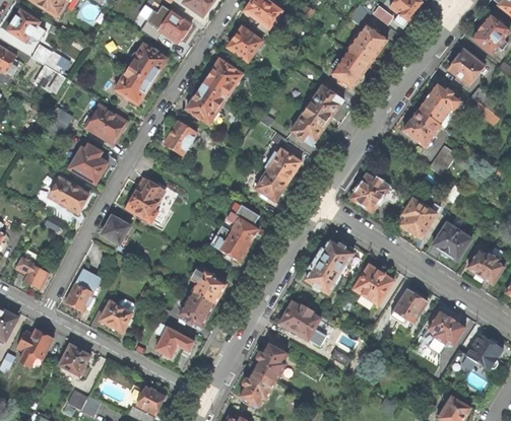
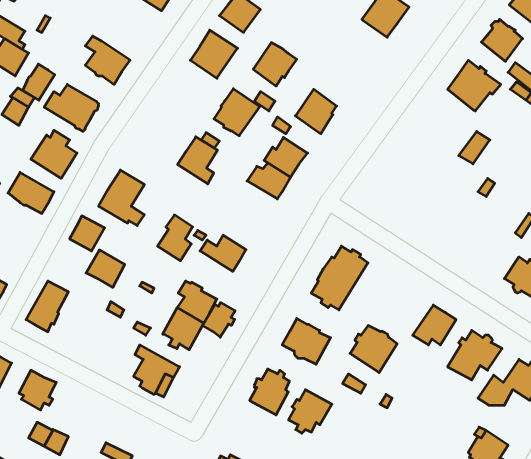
building: [128,44,168,83] -> none
building: [331,50,369,87] -> none
building: [187,83,226,123] -> [214,89,260,136]
building: [307,85,343,122] -> [253,43,297,86]
building: none -> [23,64,55,100]
building: [403,108,441,146] -> none
building: [164,120,197,159] -> [178,137,217,184]
building: [350,172,403,211] -> none
building: [401,197,441,236] -> none
building: [231,204,260,242] -> [158,215,193,261]
building: [433,220,472,260] -> none
building: [354,265,393,304] -> [350,326,397,373]
building: none -> [202,303,235,337]
building: [100,300,132,332] -> [86,250,125,287]
building: [239,369,275,406] -> [289,390,332,433]
building: [130,384,166,414] -> none

